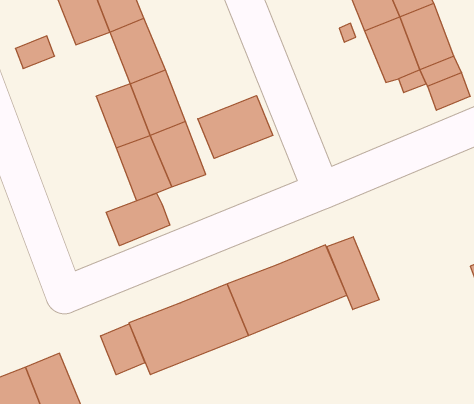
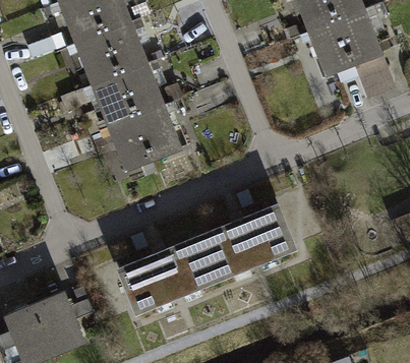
building: none -> [76,36,120,87]
building: [198,96,273,158] -> none
building: [106,193,170,246] -> none
building: [327,237,379,310] -> none
building: [101,324,145,375] -> none

